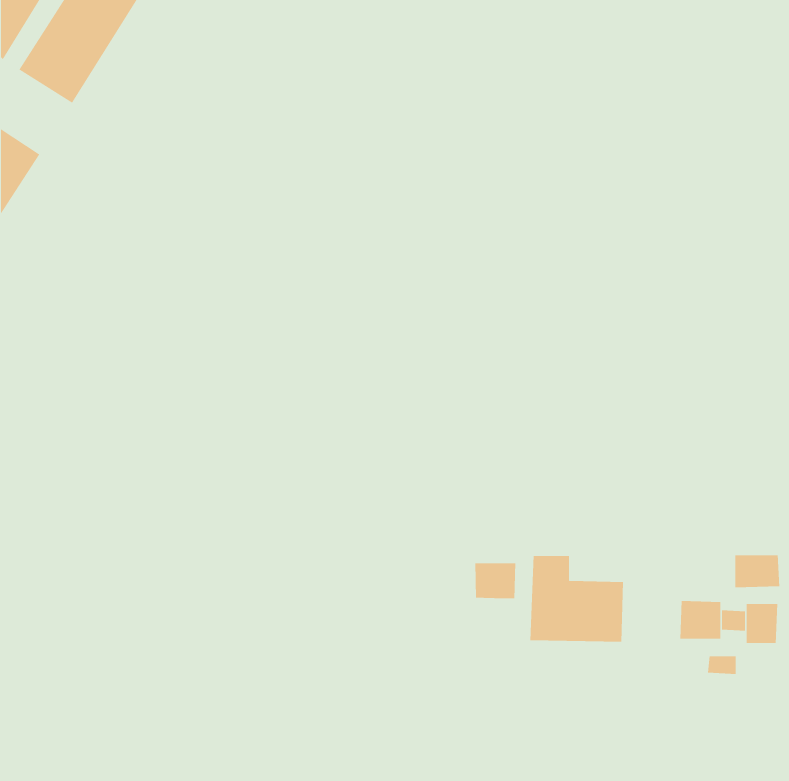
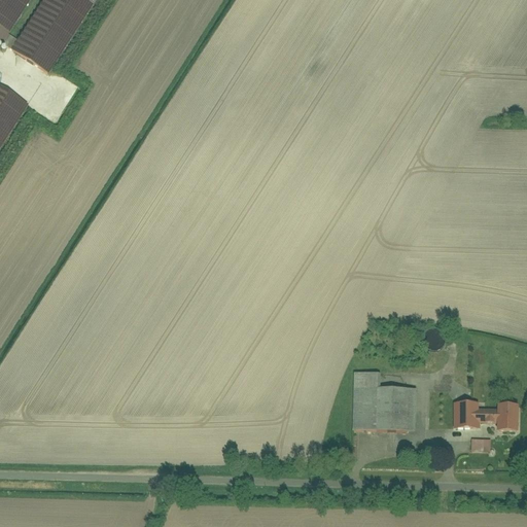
building: [735,554,780,588] -> none
building: [475,563,516,599] -> none

